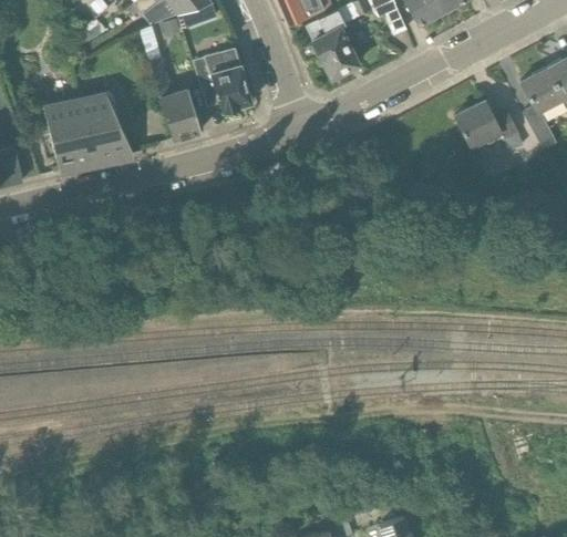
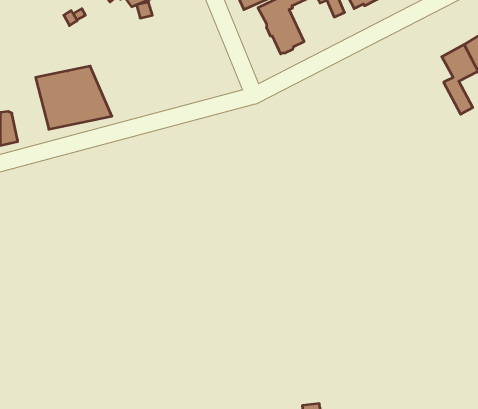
building: [194,48,251,112] -> none
building: [150,58,202,140] -> none
building: [455,100,524,152] -> none

